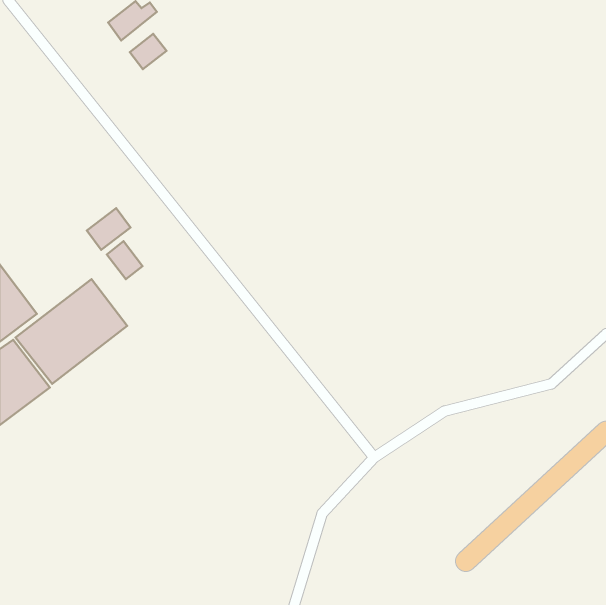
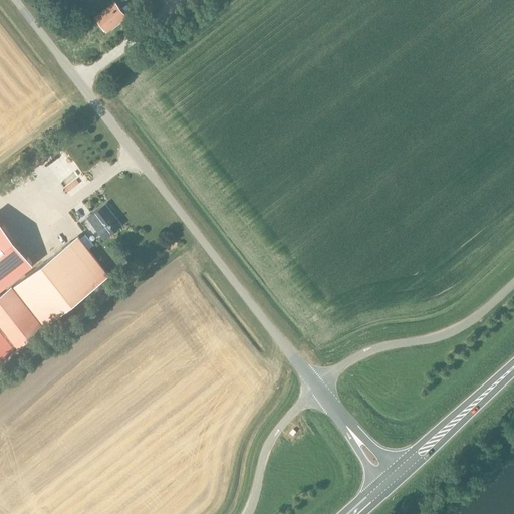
building: [130,34,166,69] -> none
building: [87,208,130,250] -> none

